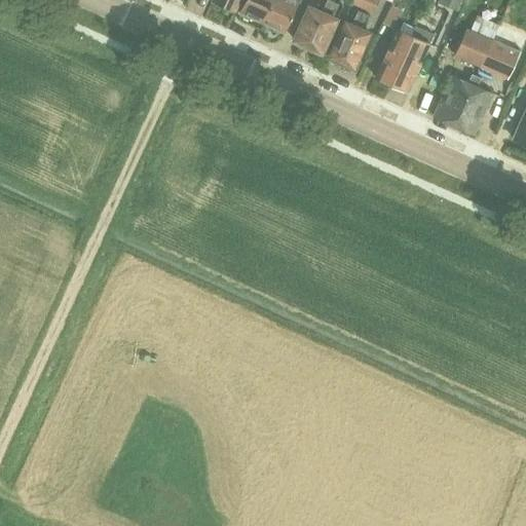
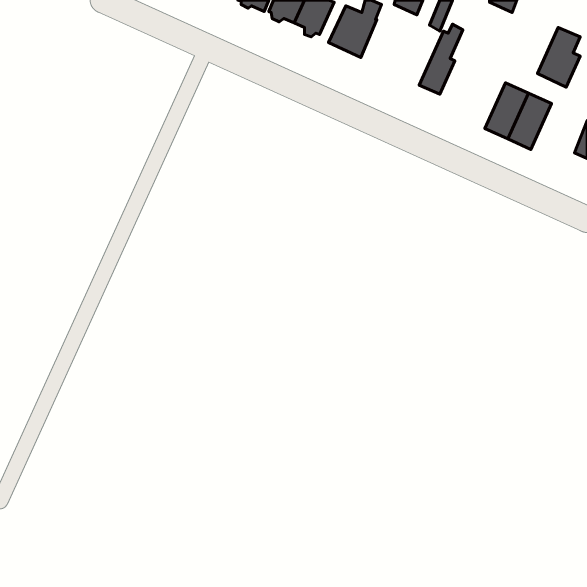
building: [331,7,372,66] -> none
building: [454,14,499,66] -> none
building: [393,25,434,90] -> none

